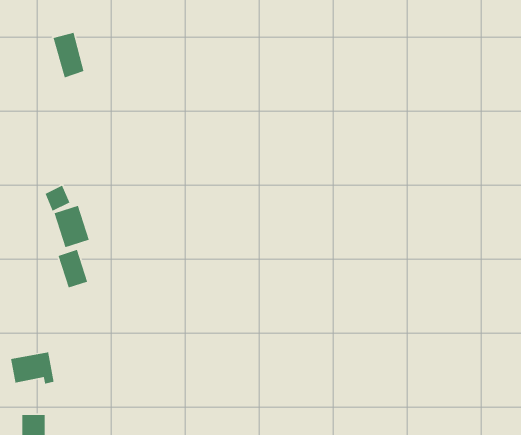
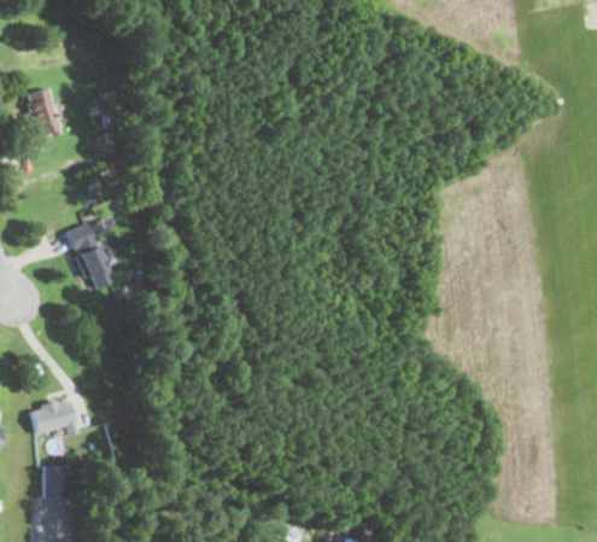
building: [53,32,84,78] -> [27,89,60,139]
building: [57,249,88,289] -> none

